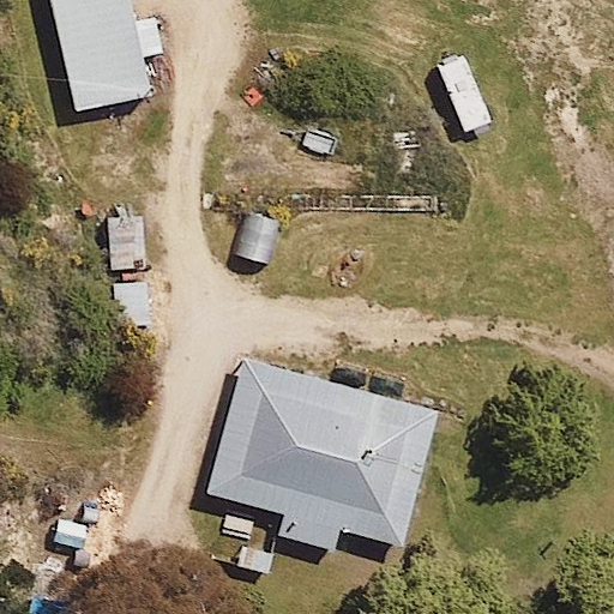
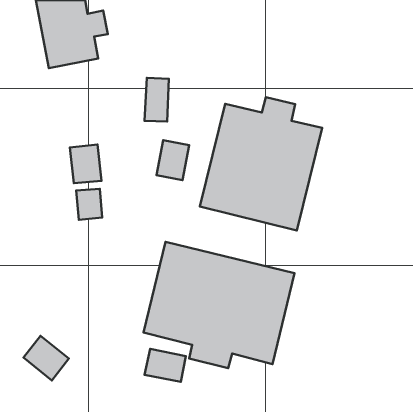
building: none -> [200,97,322,230]

